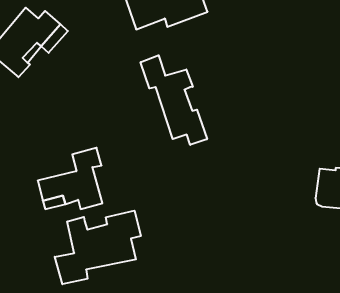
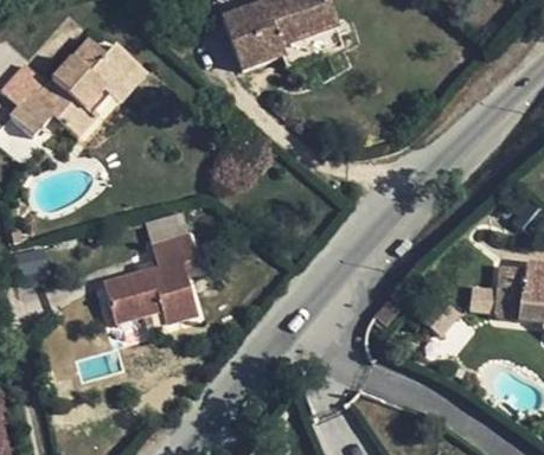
building: [141,55,207,145] -> none
building: [55,211,141,284] -> none

